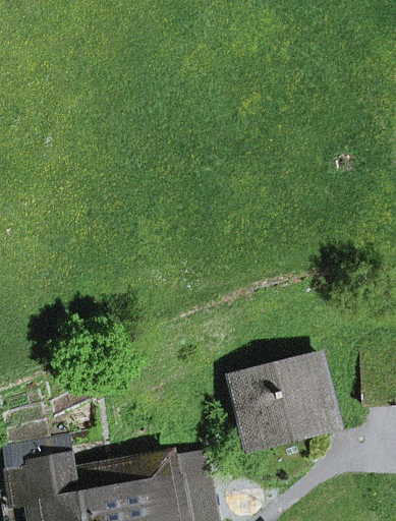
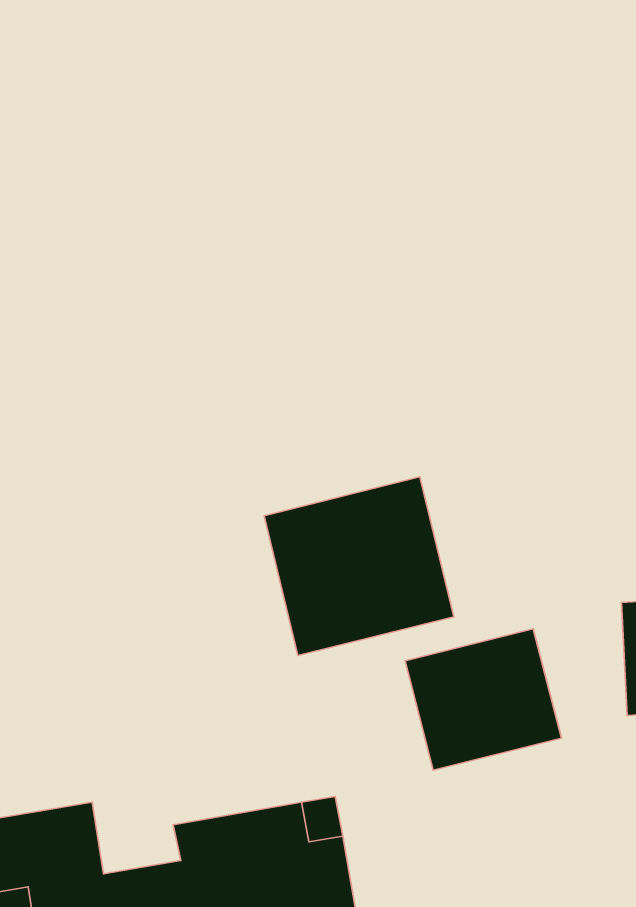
building: none -> [264,477,454,656]

